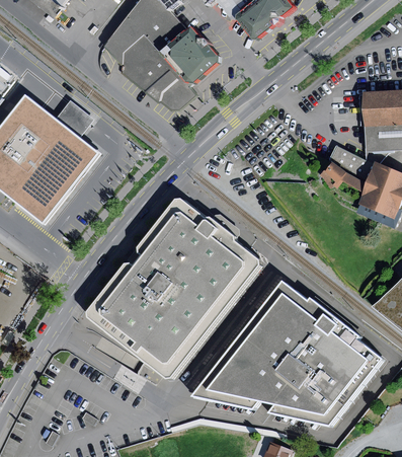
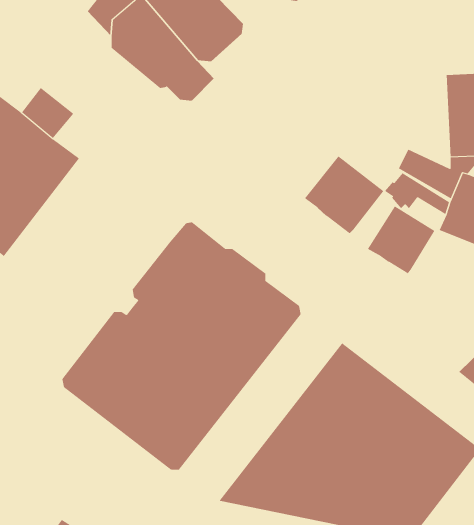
building: none -> [304,155,384,234]
building: none -> [367,205,435,274]

